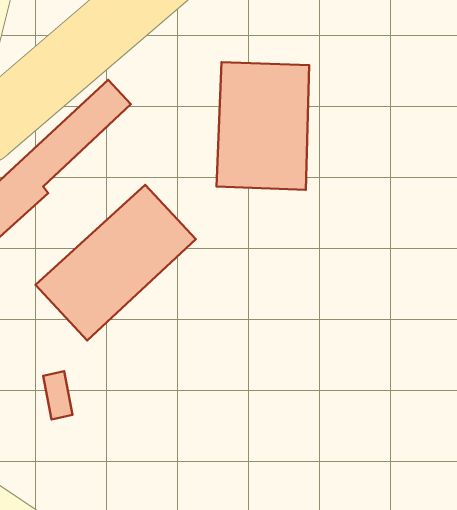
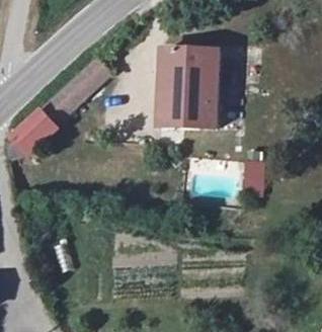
building: [36,185,196,340] -> none

